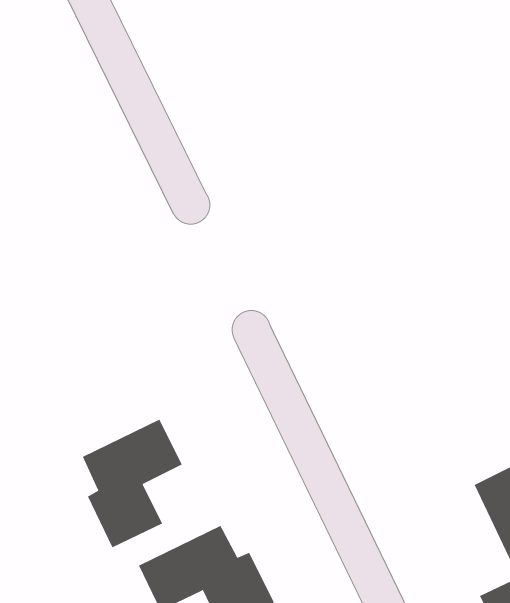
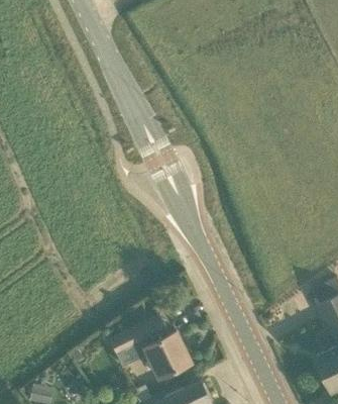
building: [82,419,182,548] -> none

